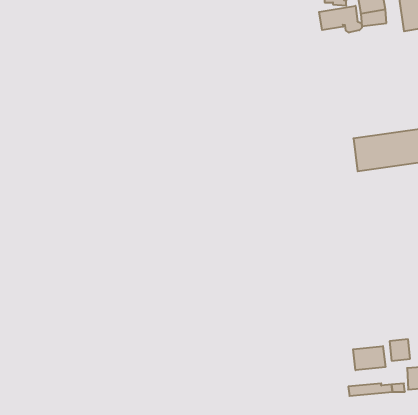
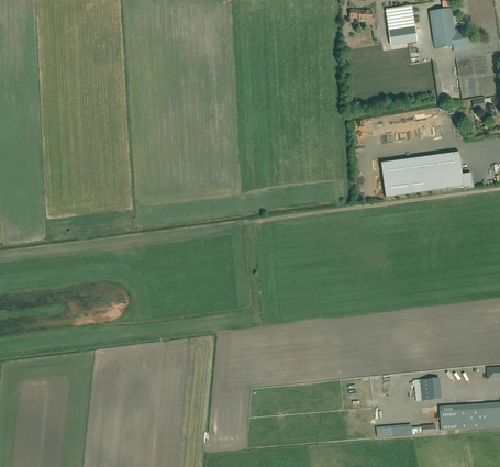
building: [319,6,362,33] -> none
building: [353,346,385,370] -> none

